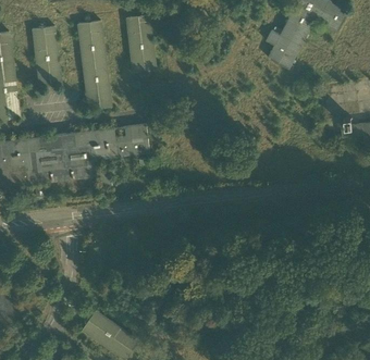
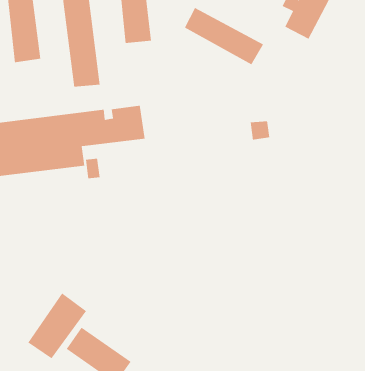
building: none -> [184,7,264,65]
building: none -> [27,293,87,359]

